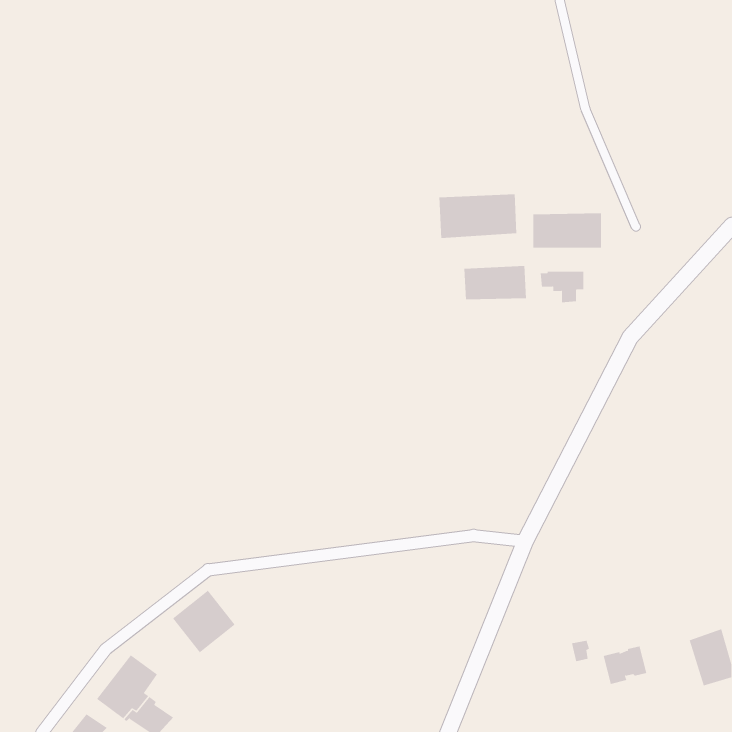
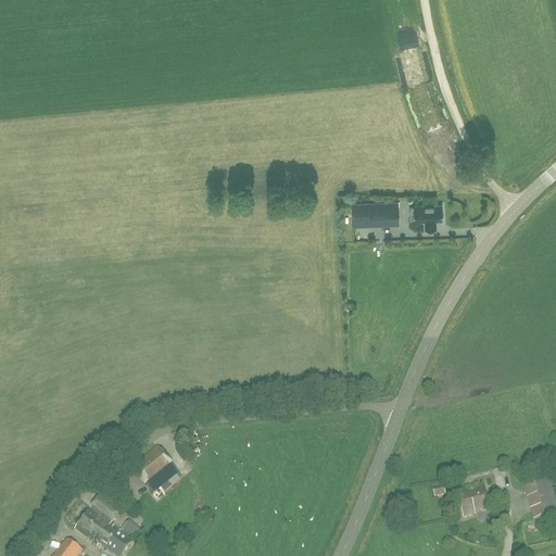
building: [439,194,517,239] -> none
building: [533,212,601,249] -> none

